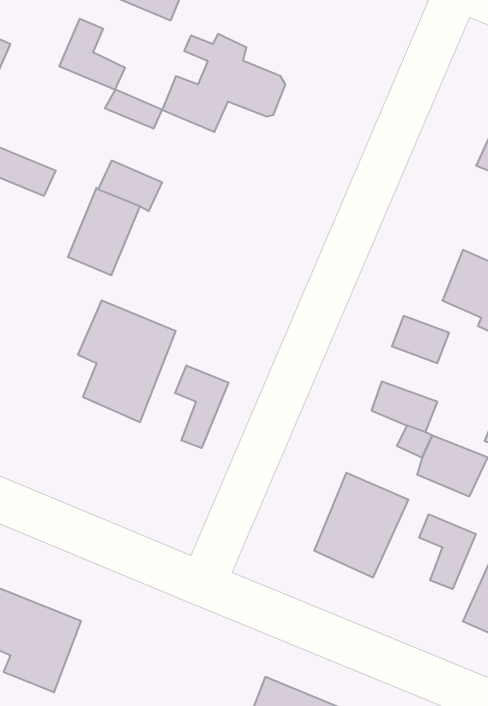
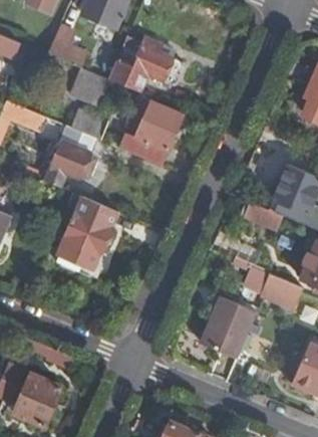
building: none -> [117,98,183,166]
building: [175,365,228,448] -> none
building: [419,514,476,589] -> none

